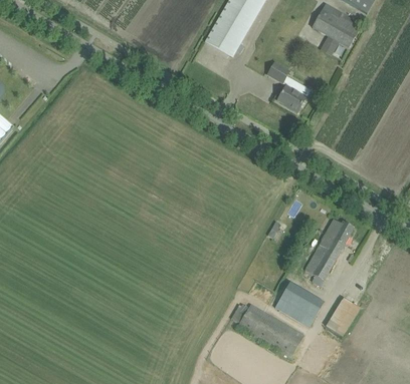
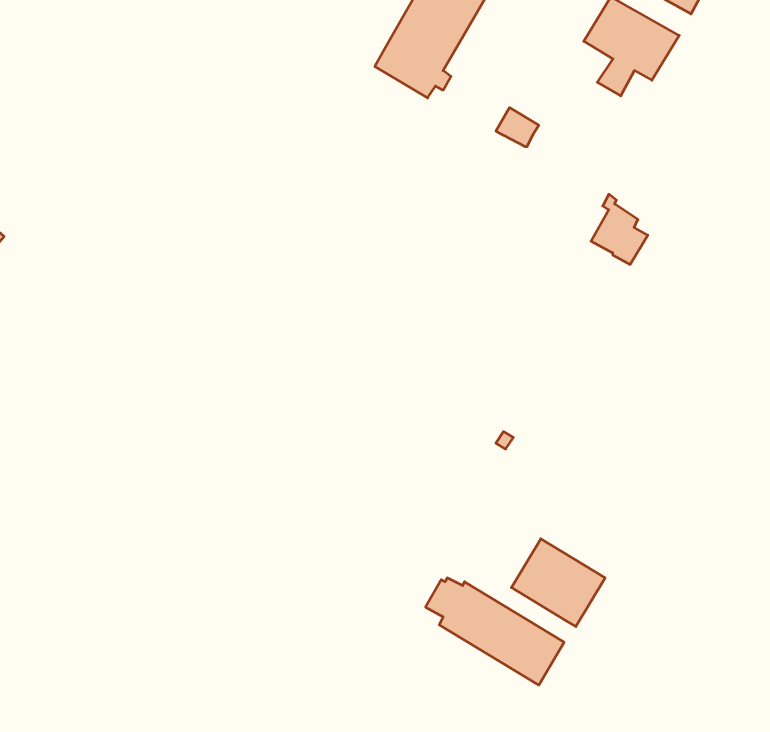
building: [276,75,305,111] -> [591,194,648,264]
building: [303,219,352,287] -> none
building: [325,297,360,336] -> none

